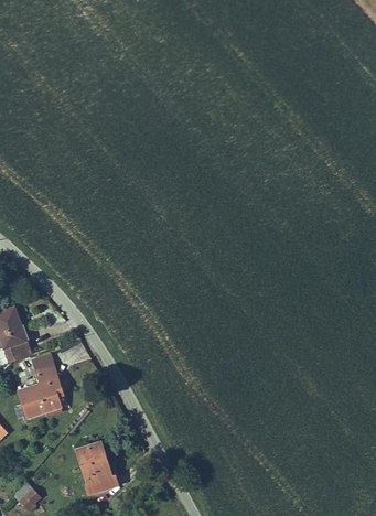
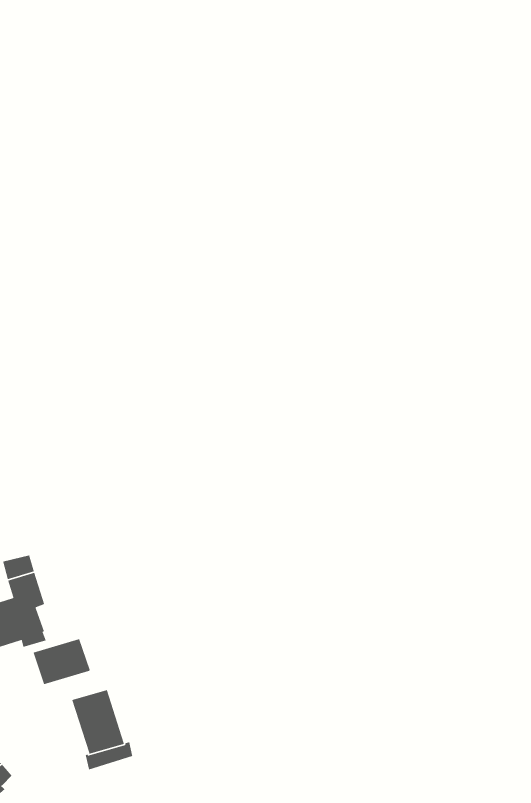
building: none -> [32,638,91,685]

